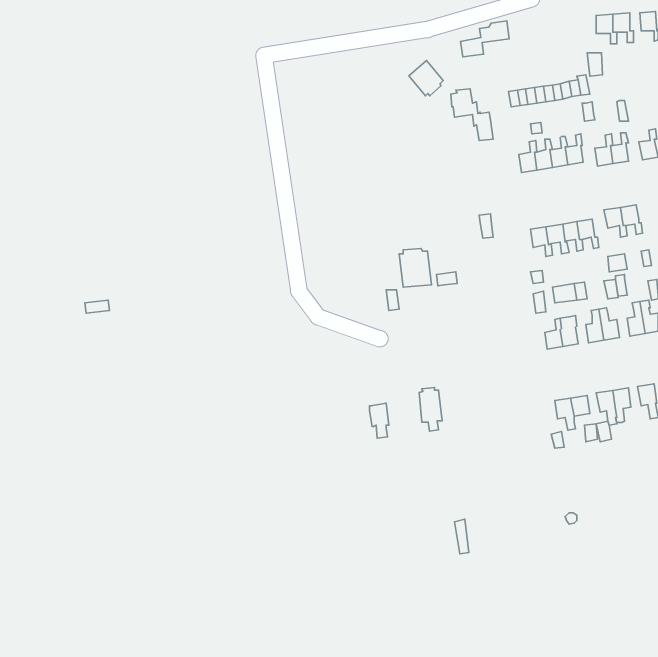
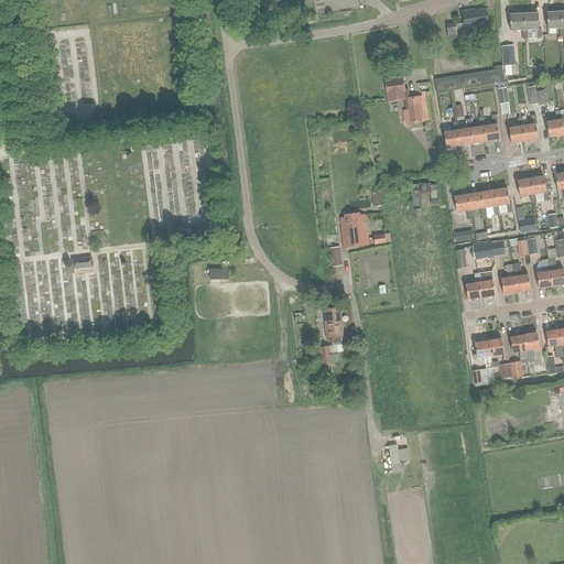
building: [460,21,509,57] -> [446,8,488,39]
building: [409,61,443,96] -> none
building: [419,387,442,431] -> [325,307,345,345]

